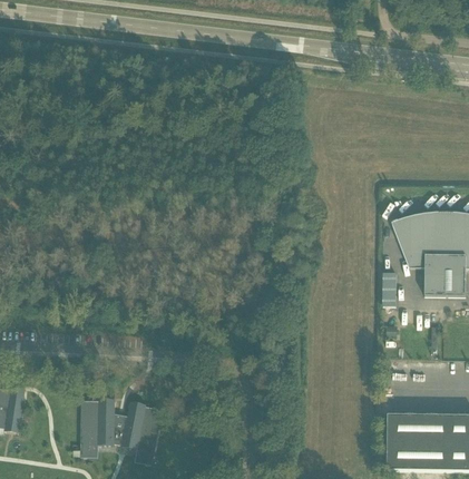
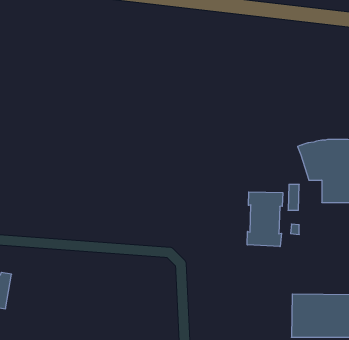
building: none -> [247,192,283,247]
building: [79,398,162,465] -> none

